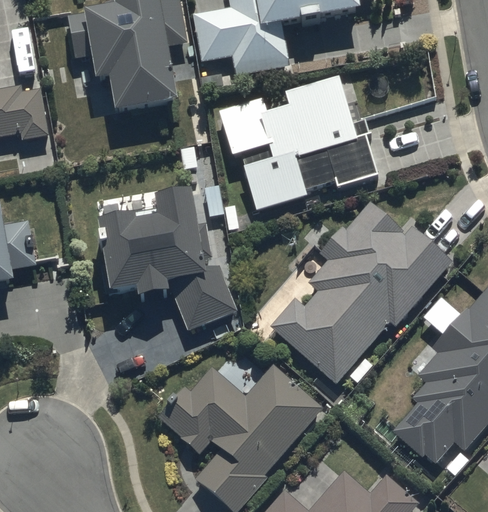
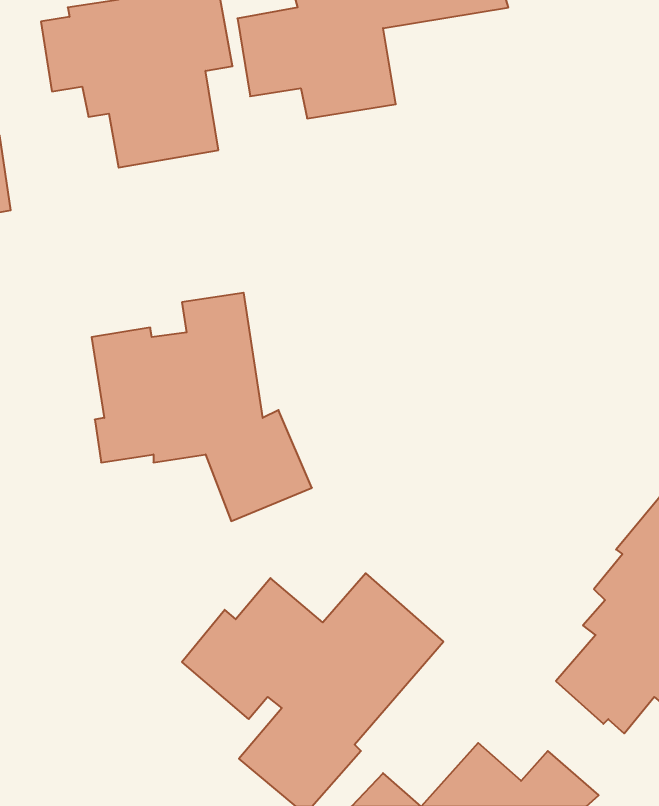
building: [217,74,379,211] -> none
building: [269,200,452,385] -> none

